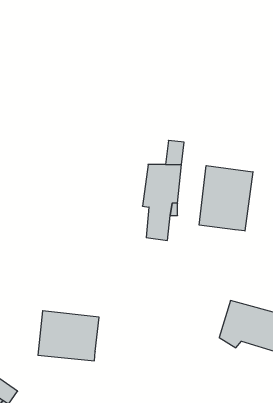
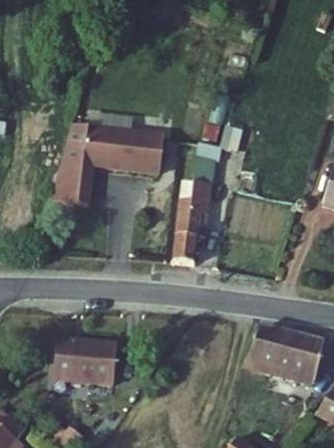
building: none -> [54,122,166,202]
building: [199,166,253,231] -> none

